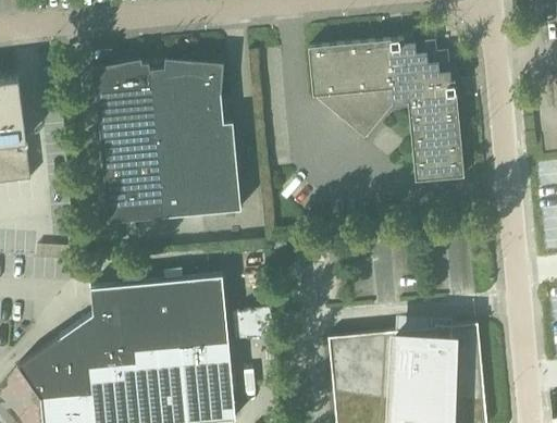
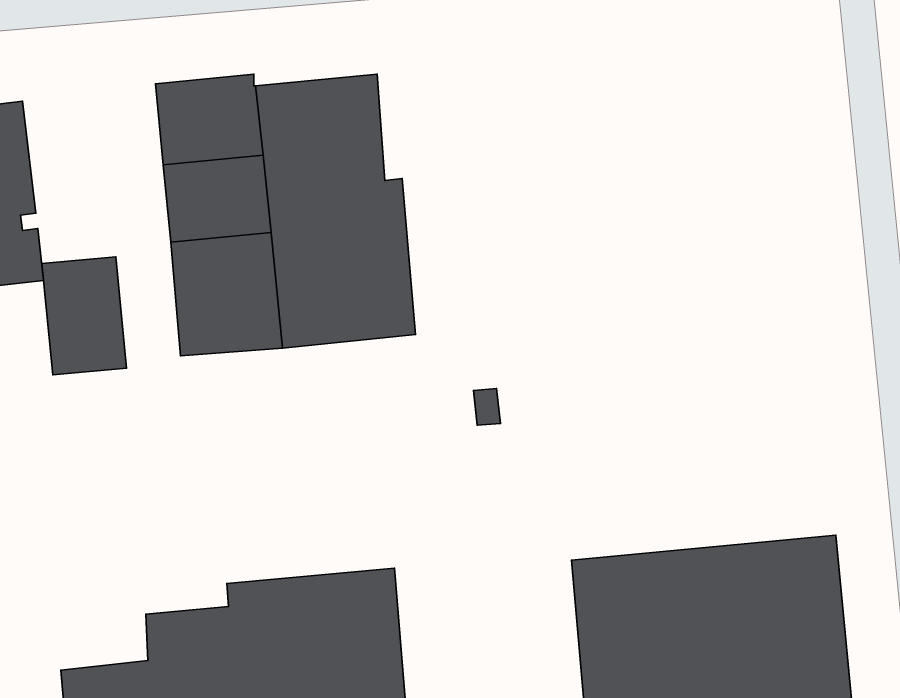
building: [308,39,463,182] -> none
building: none -> [42,257,126,375]
building: [17,276,228,399] -> none

